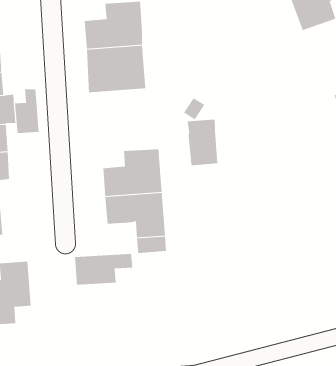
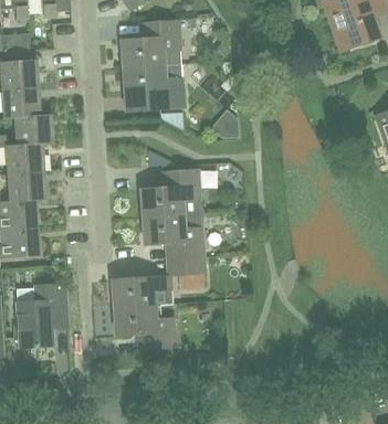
building: [15,88,39,134] -> none
building: [187,119,218,166] -> none
building: none -> [113,304,175,349]

